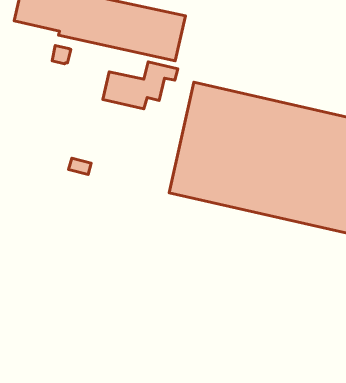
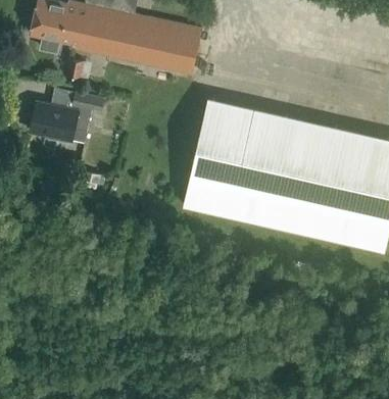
building: [103,62,178,109] -> [31,94,105,141]

